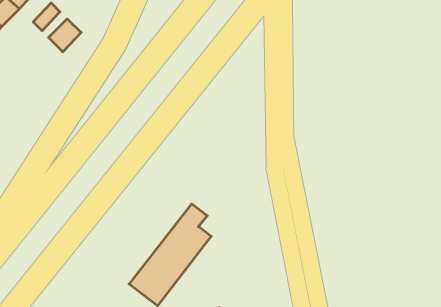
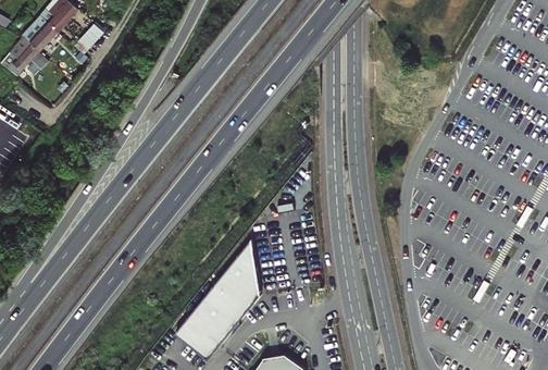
building: [49,19,81,52] -> none

